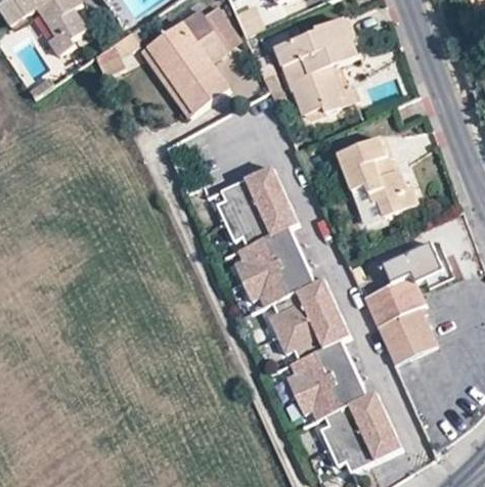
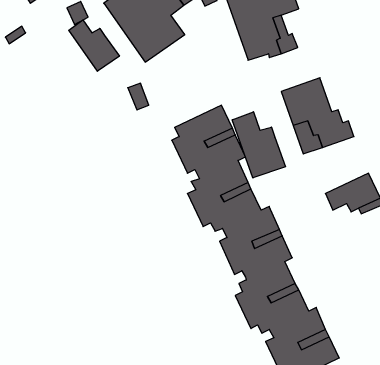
building: none -> [69,20,119,71]
building: none -> [232,112,285,178]
building: [365,275,435,361] -> none

